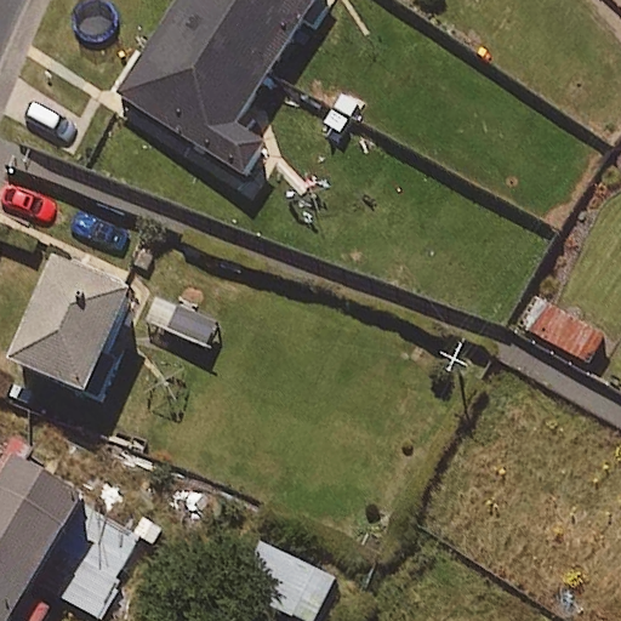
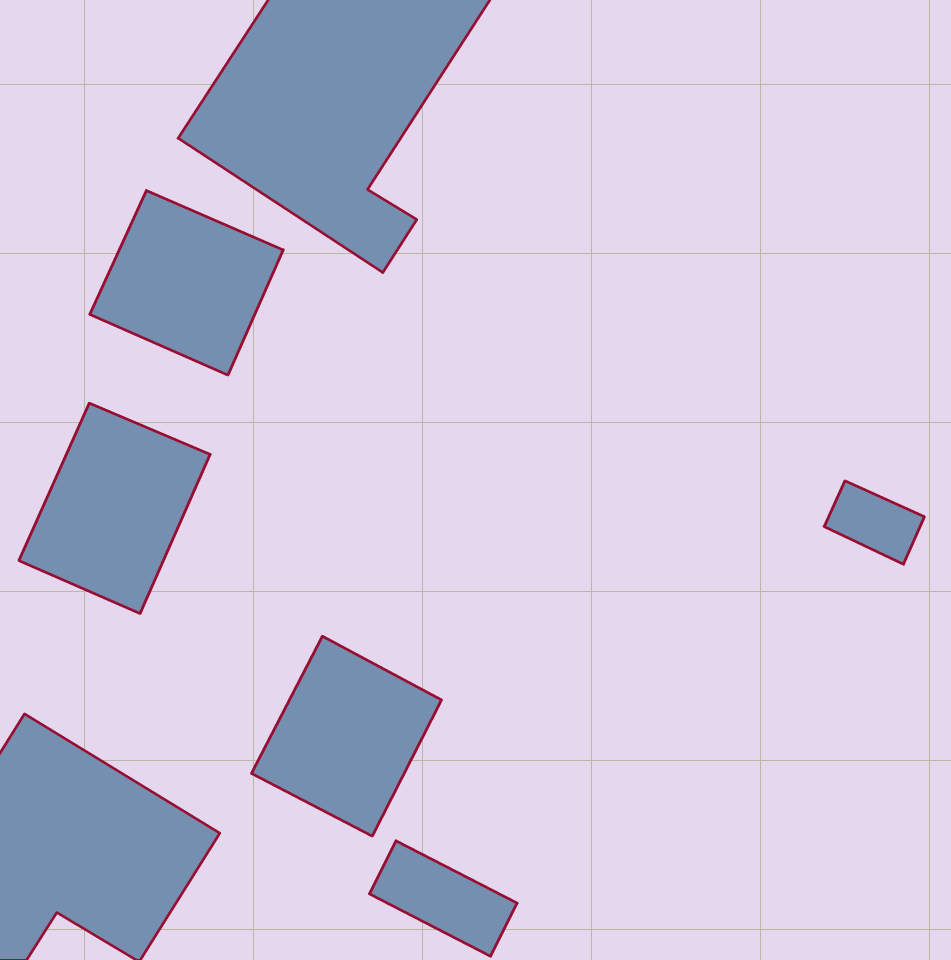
building: none -> [90,190,283,375]
building: none -> [252,636,441,836]

